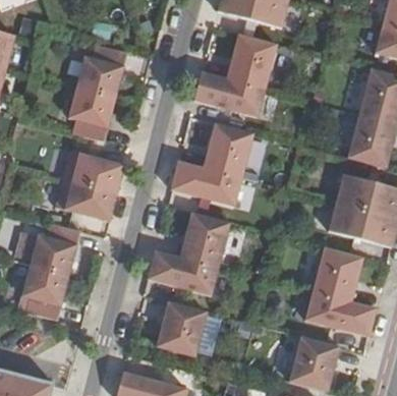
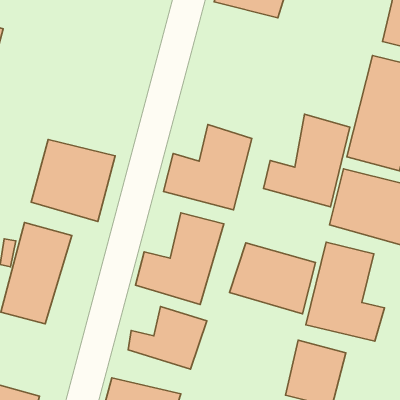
building: [195,34,277,121] -> [264,114,350,207]
building: [66,49,132,138] -> none
building: none -> [230,243,315,314]

